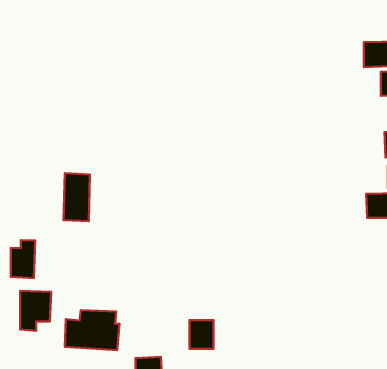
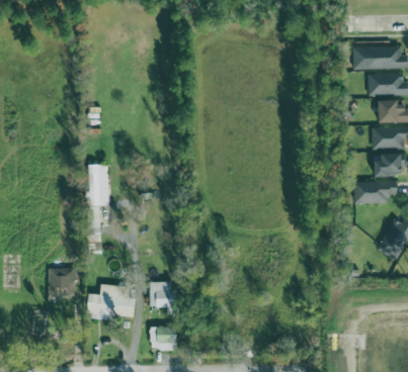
building: [11,240,35,278] -> none
building: [189,320,213,349] -> [150,282,171,307]

